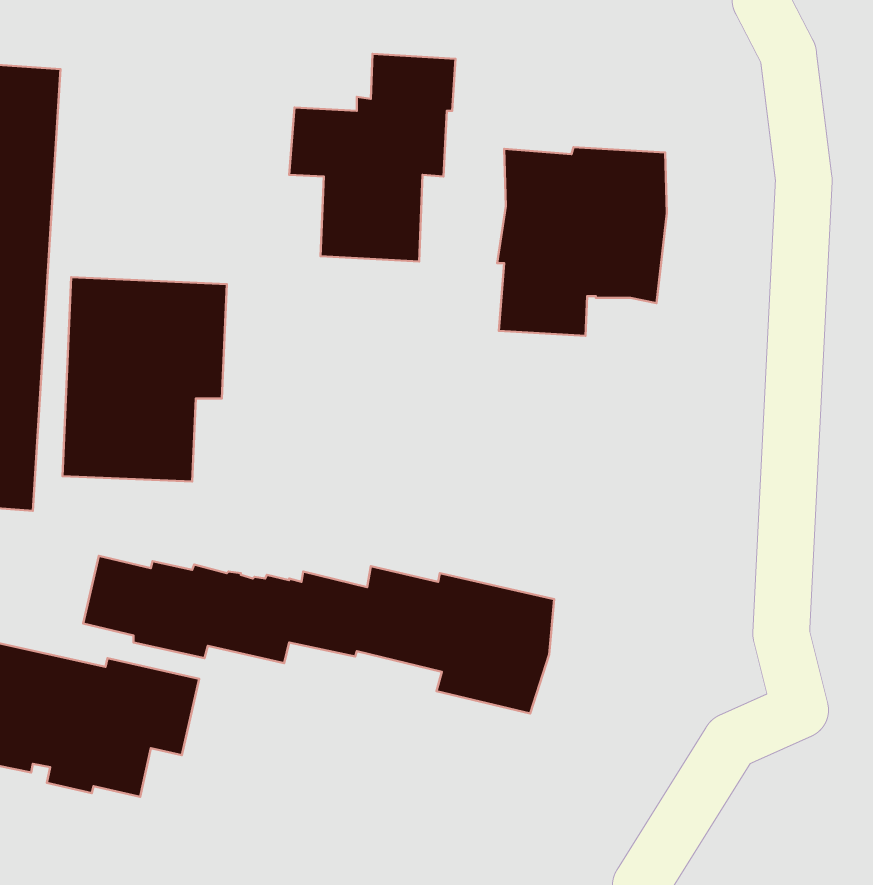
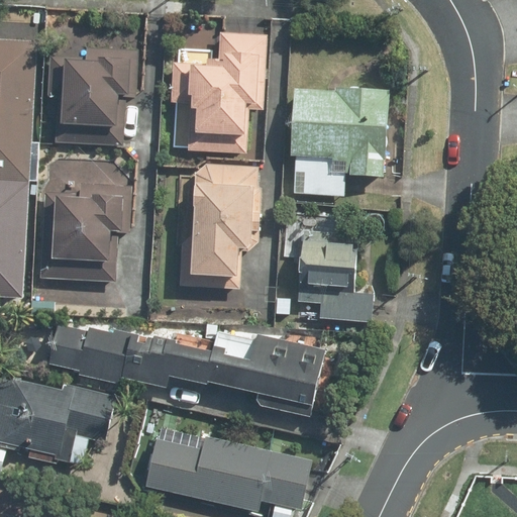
building: none -> [44,46,136,144]
building: none -> [177,164,257,289]
building: none -> [297,230,372,321]
building: none -> [144,436,310,510]

